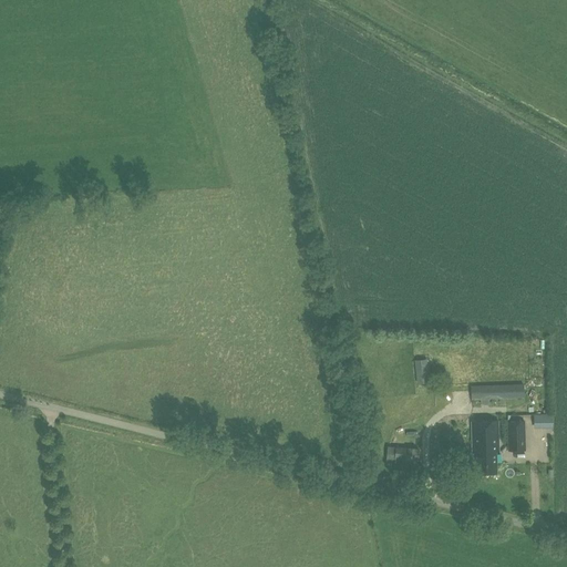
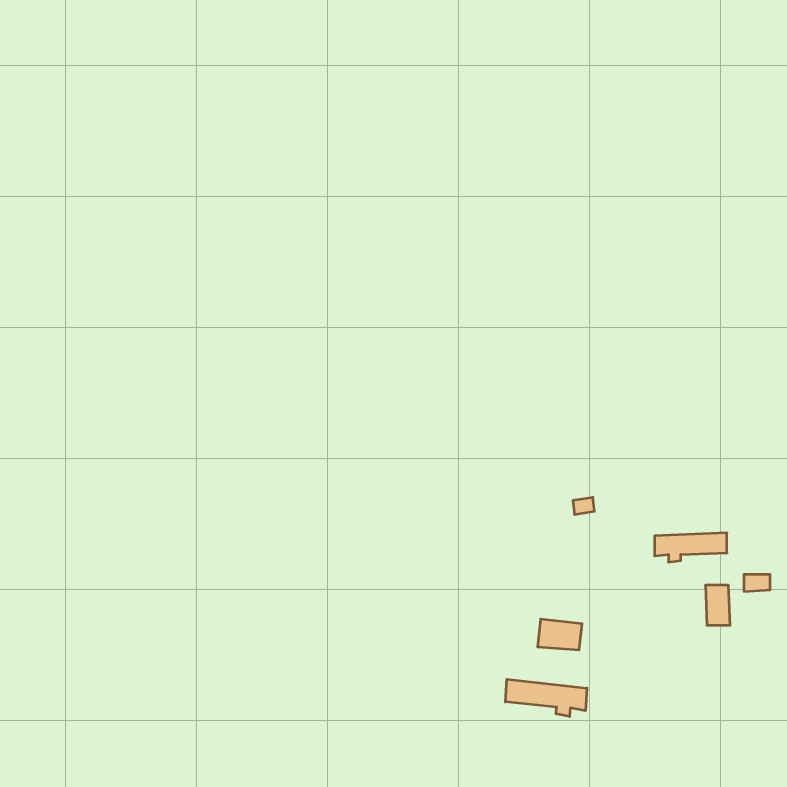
building: [472,420,498,472] -> none
building: none -> [505,679,587,717]

